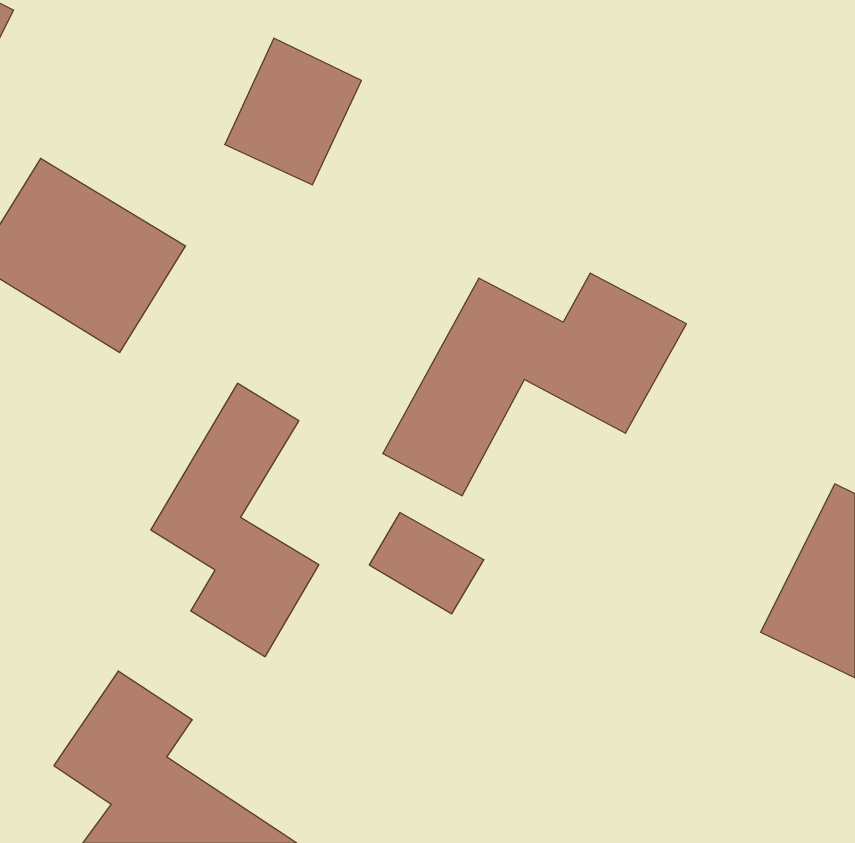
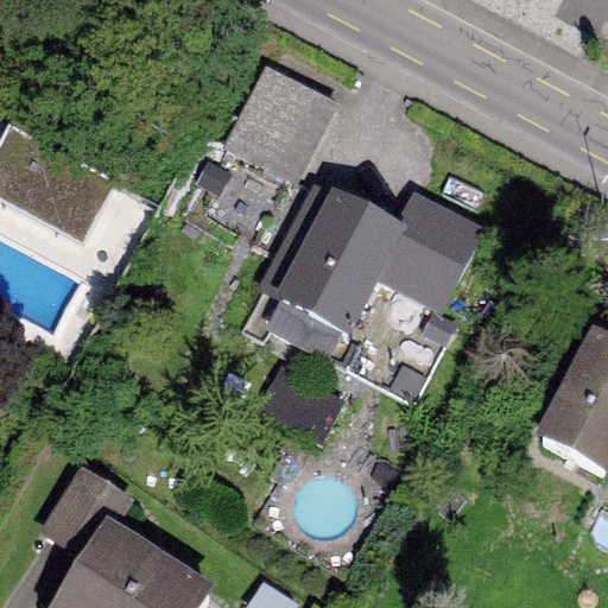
building: [225,38,361,185] -> [234,69,330,172]
building: [151,383,319,657] -> none

